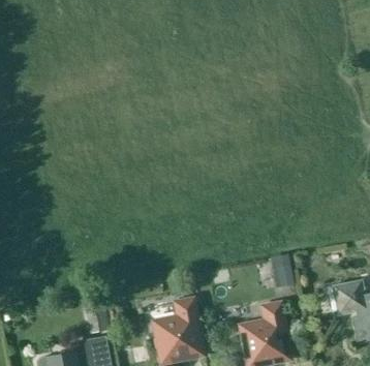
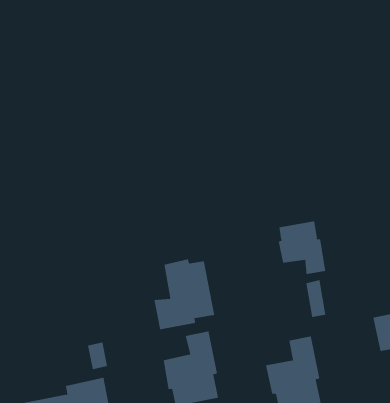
building: none -> [278,221,326,275]
building: none -> [154,258,215,330]

